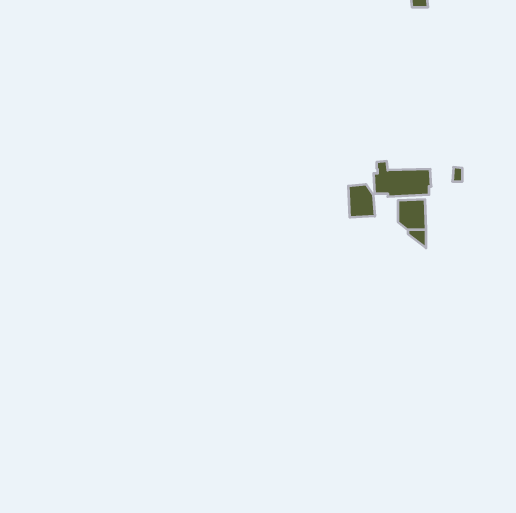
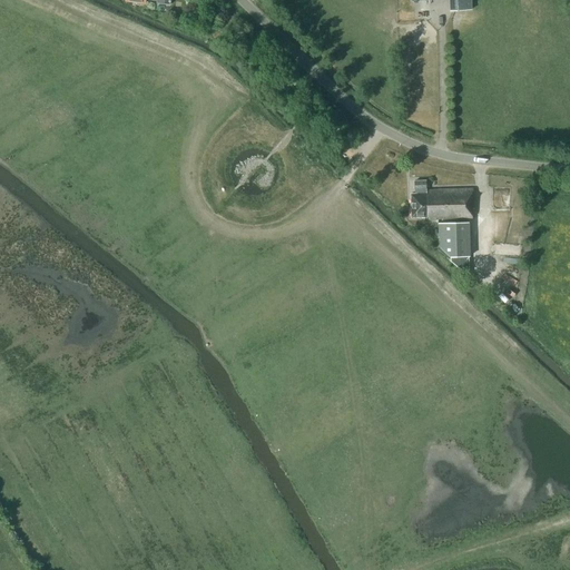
building: [348,184,375,217] -> none

